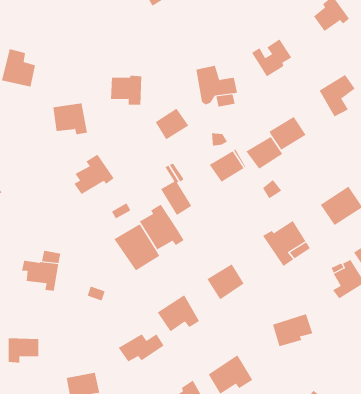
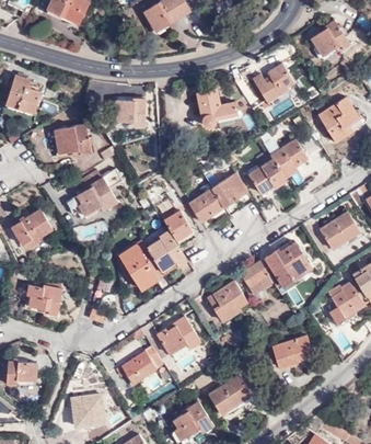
building: [155,108,189,140] -> [188,189,222,220]
building: none -> [12,209,53,244]
building: none -> [236,263,274,297]

